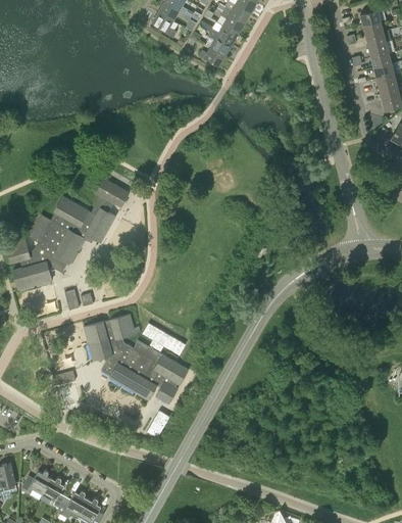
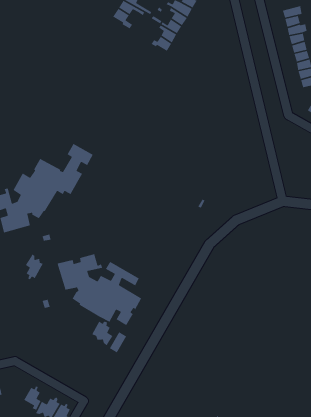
building: none -> [25,253,44,280]
building: none -> [91,321,113,346]
building: [21,471,51,495] -> none

